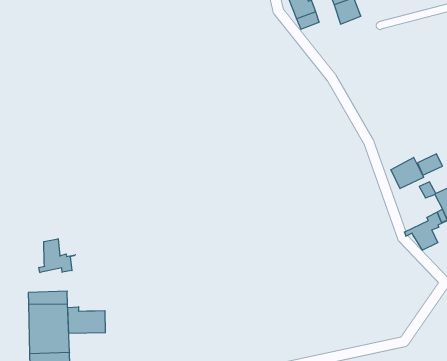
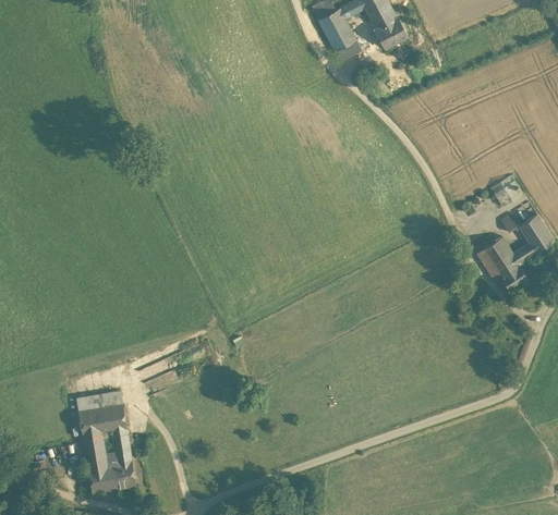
building: [391,157,424,189] -> [476,236,514,273]
building: [39,239,75,273] -> none
building: [68,307,105,334] -> none

